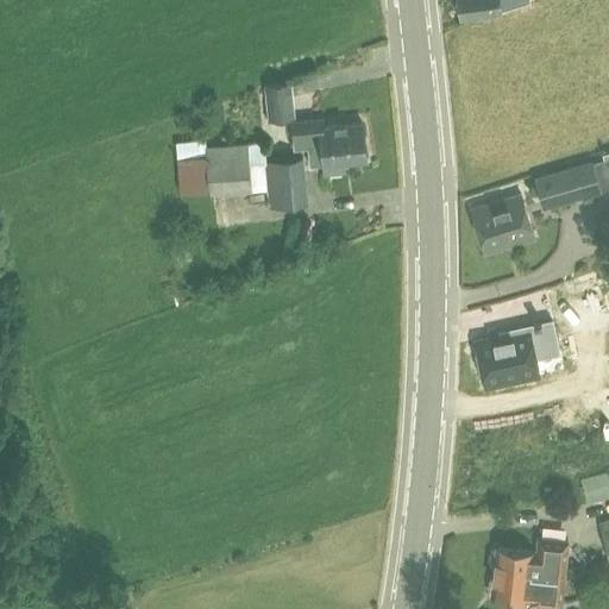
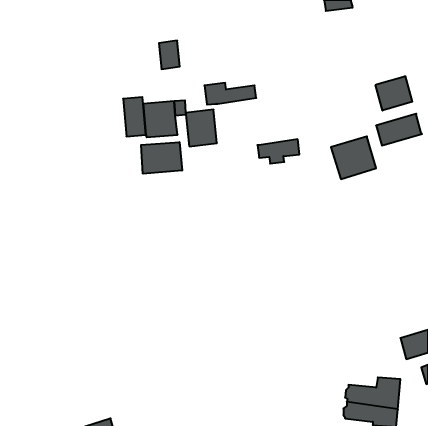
building: [264,83,294,124] -> [159,41,180,69]
building: none -> [376,76,412,111]
building: [307,142,366,176] -> [257,139,299,164]
building: none -> [141,142,182,174]
building: [475,318,559,389] -> none

